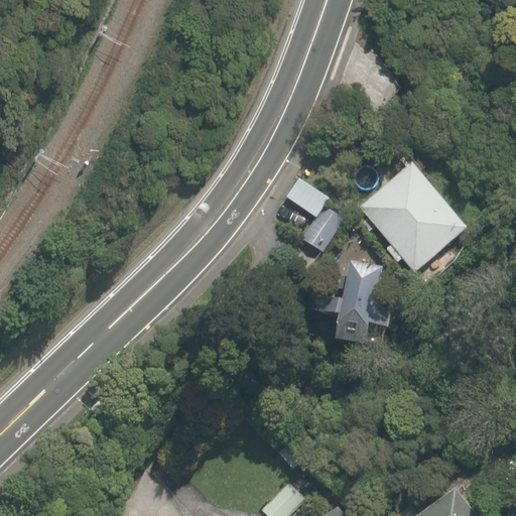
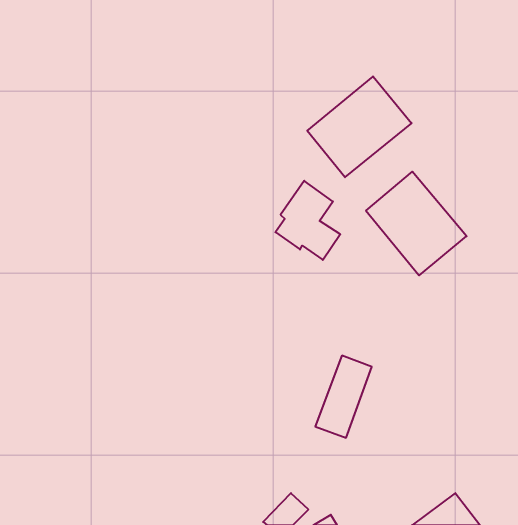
building: none -> [307,76,412,177]
building: [327,256,382,337] -> [315,356,372,438]

